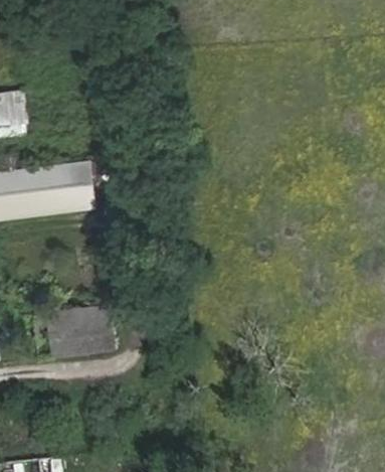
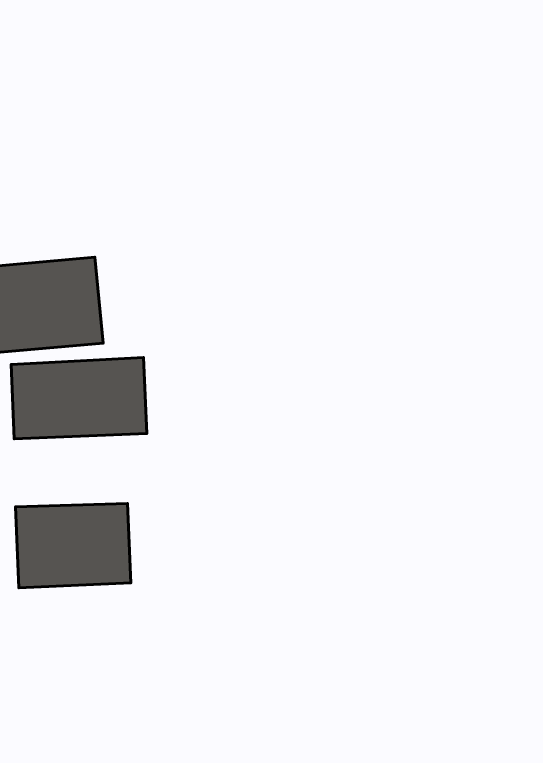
building: none -> [11,358,147,439]

